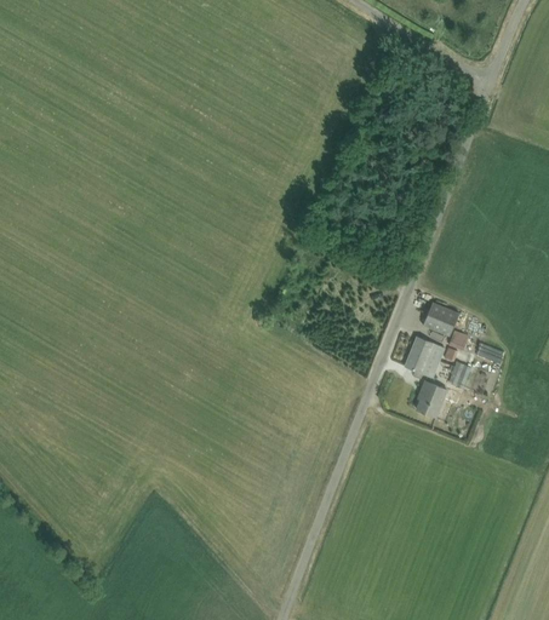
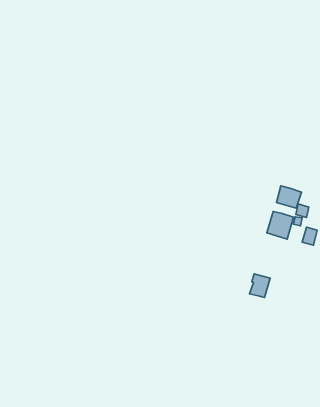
building: [414,381,446,417] -> [249,274,270,298]

